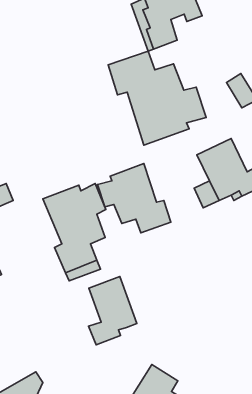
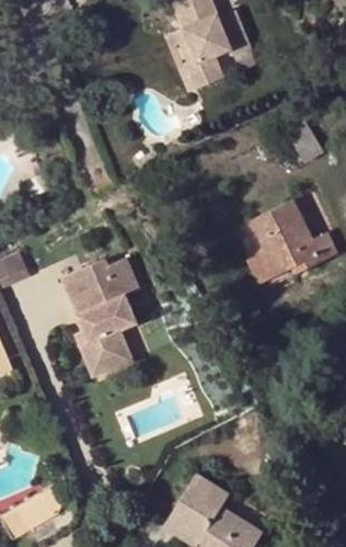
building: [108,51,206,145] -> none
building: [97,164,171,233] -> none
building: [89,276,137,345] -> none

